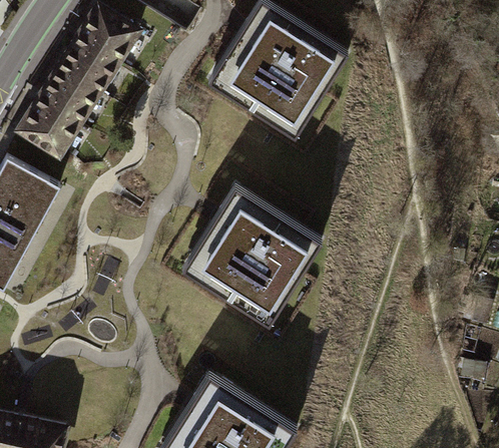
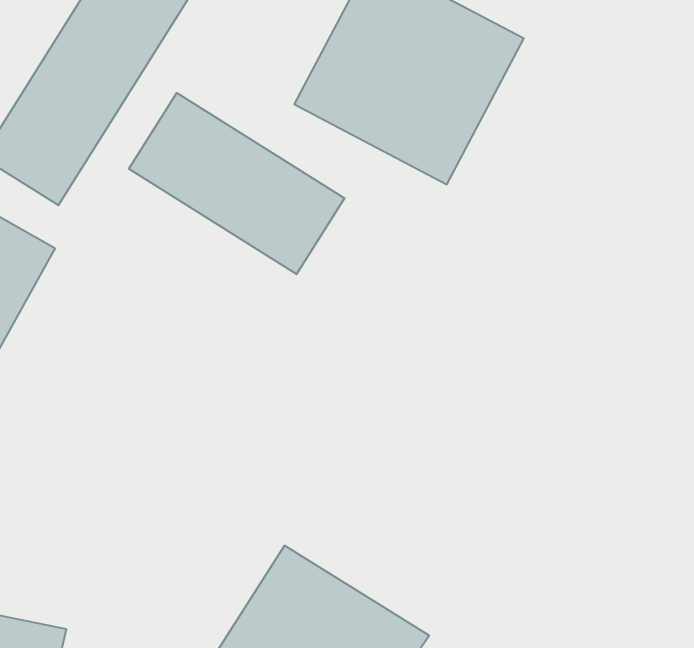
building: none -> [129,93,344,274]
building: [183,183,327,324] -> none

